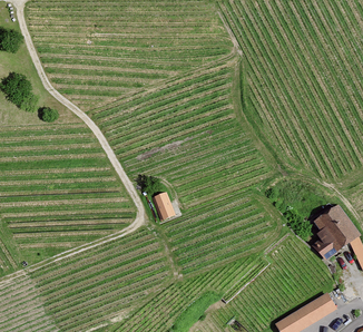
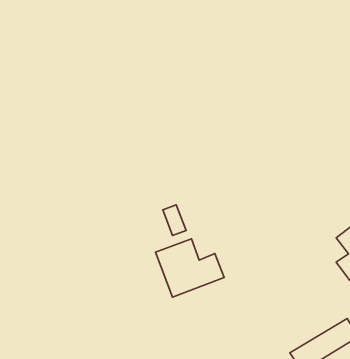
building: none -> [156,239,224,297]

